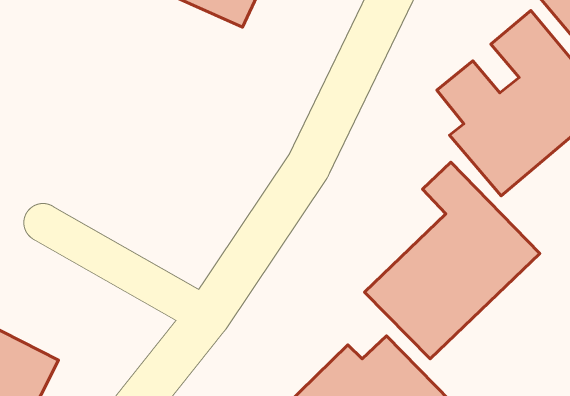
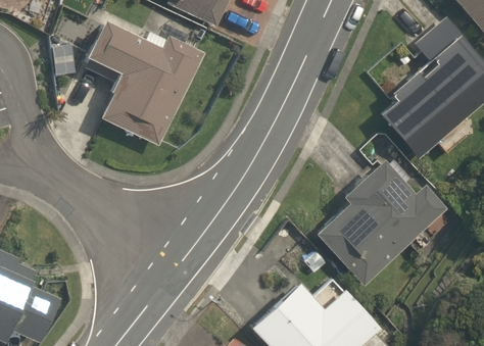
building: none -> [81,8,202,147]

